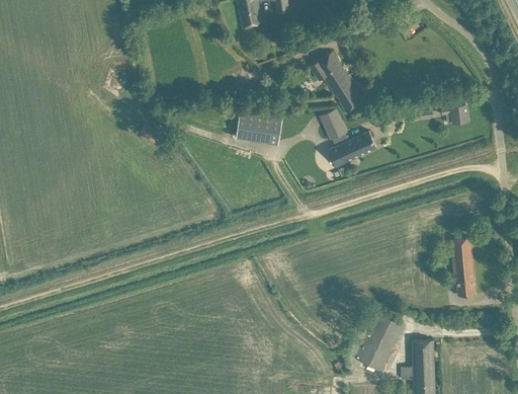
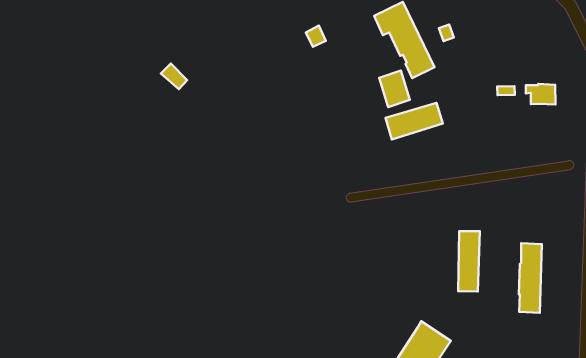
building: [236,112,282,146] -> none
building: none -> [458,231,480,292]

